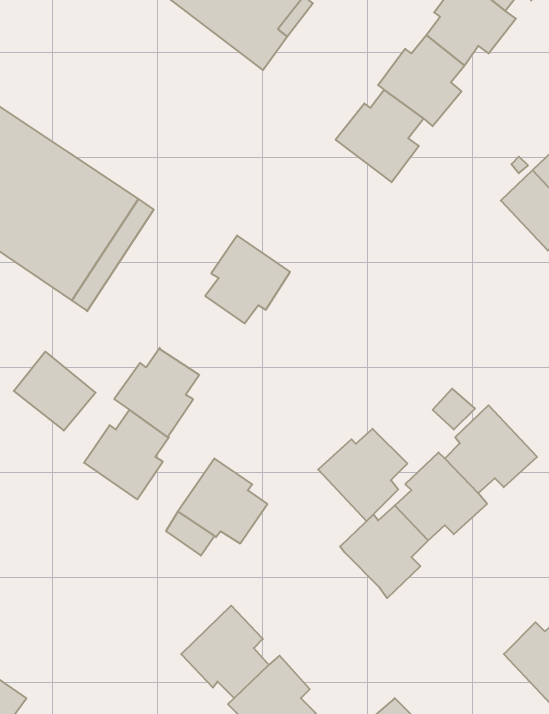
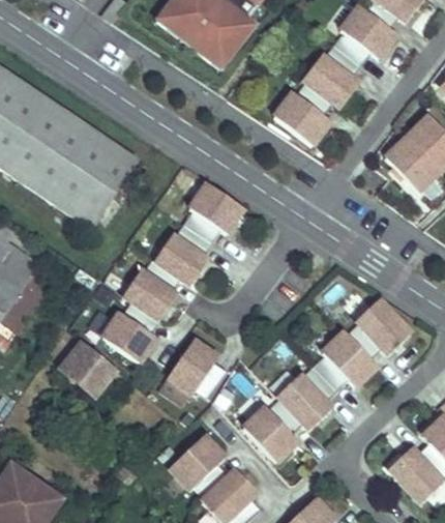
building: none -> [153,224,211,285]
building: [14,352,96,431] -> [64,344,120,398]
building: [318,429,407,521] -> [242,399,303,462]

